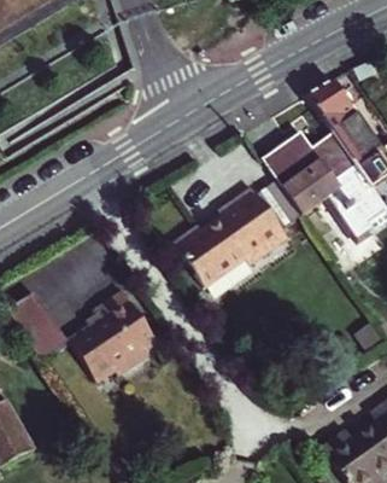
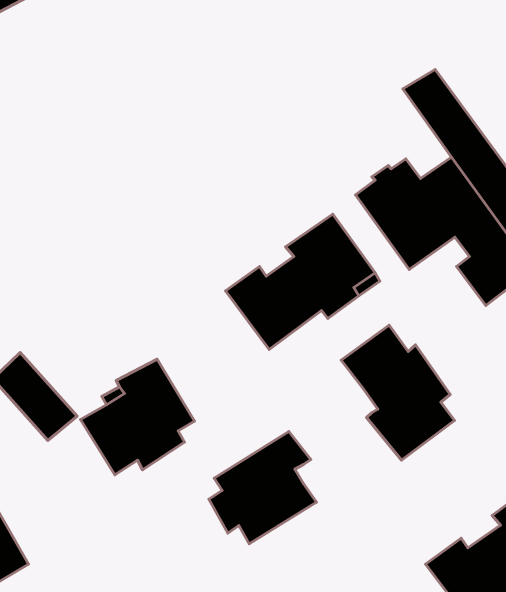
building: none -> [341,325,454,460]
building: none -> [209,432,317,544]

